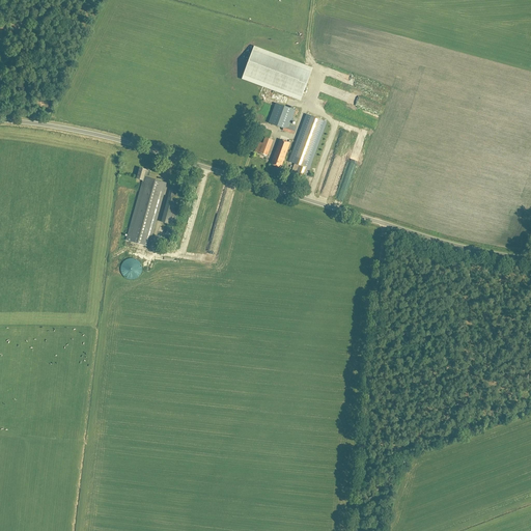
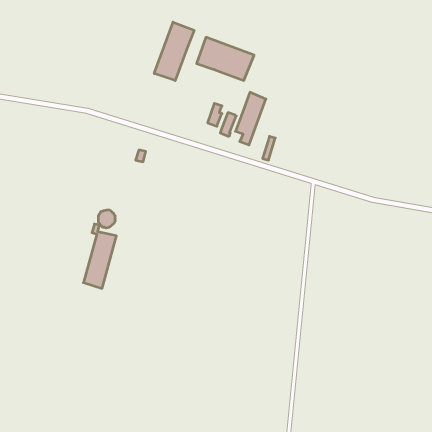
building: none -> [154,22,194,81]
building: [260,102,297,133] -> none
building: [125,167,166,246] -> [83,224,116,288]

